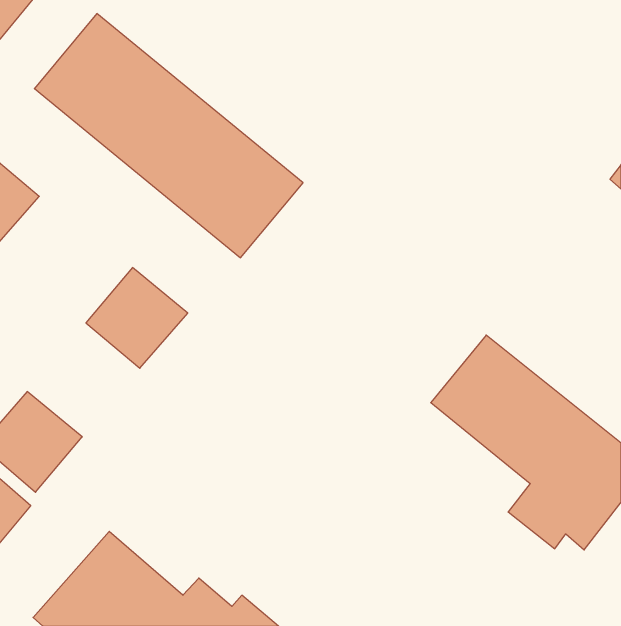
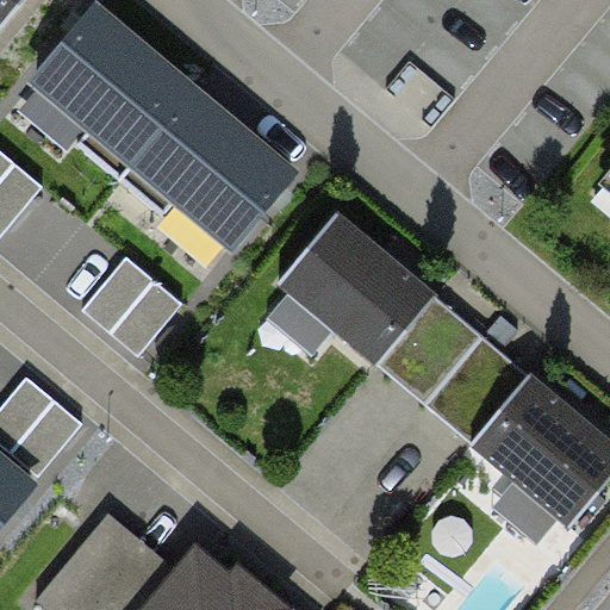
building: none -> [274,213,472,391]

